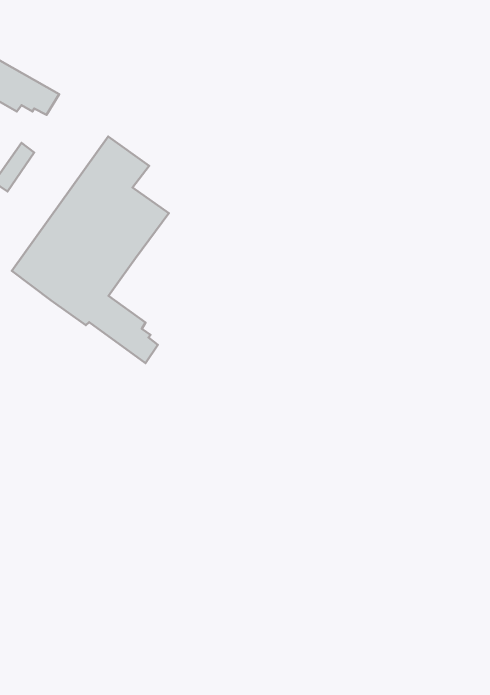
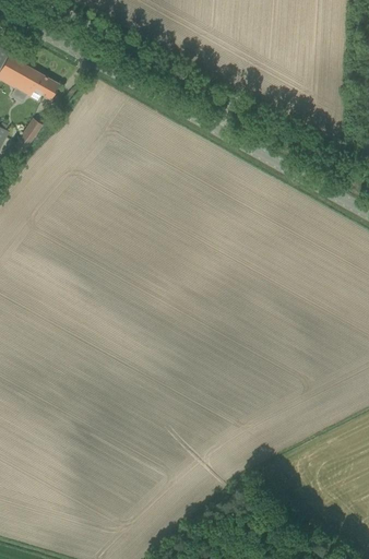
building: [12,137,169,363] -> none

